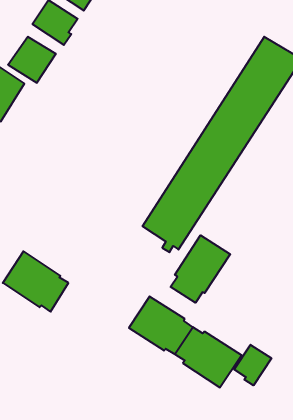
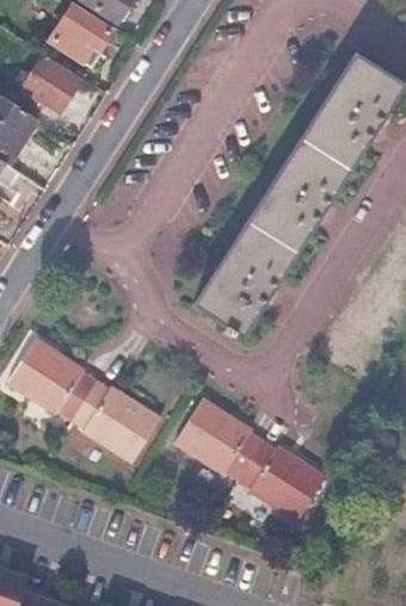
building: [171,235,230,303] -> none
building: none -> [72,382,158,460]
building: [234,345,271,385] -> none

